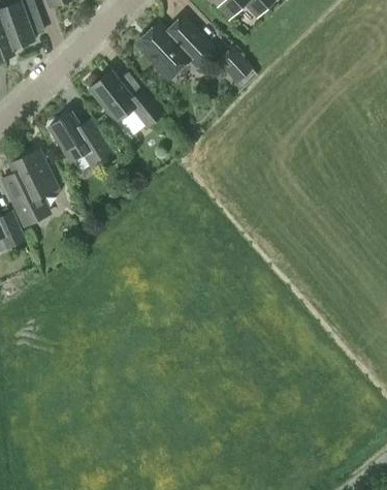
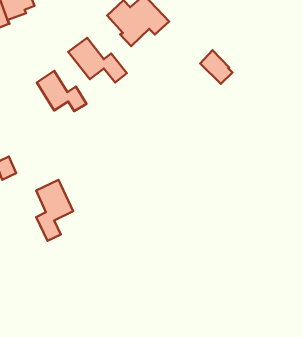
building: [218,45,258,88] -> [200,50,232,84]
building: [10,150,57,226] -> [36,180,73,241]

